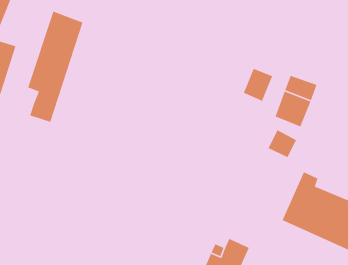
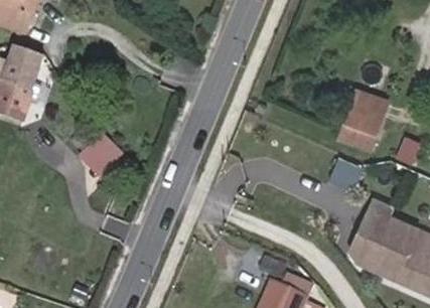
building: [27,11,83,123] -> none
building: [243,68,273,102] -> none
building: none -> [79,128,126,175]

